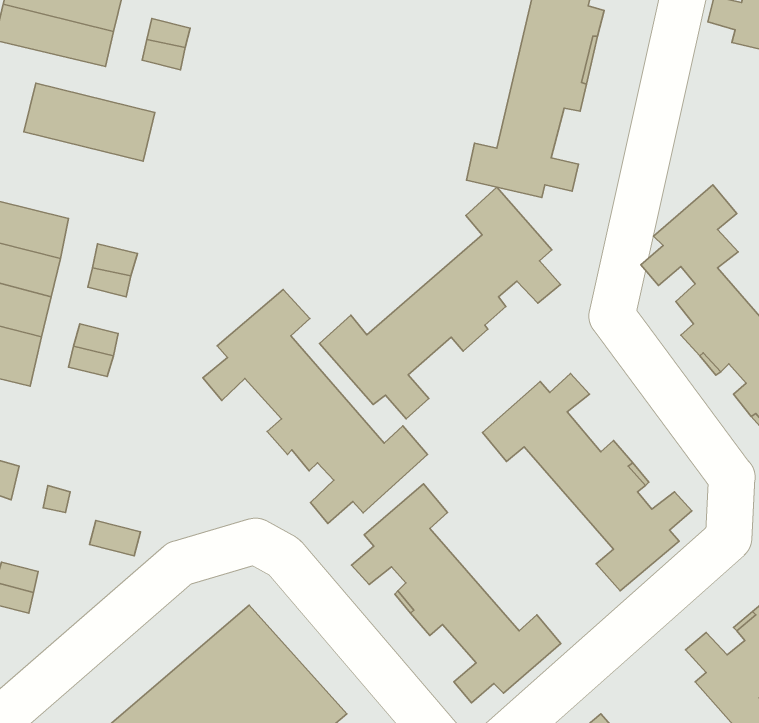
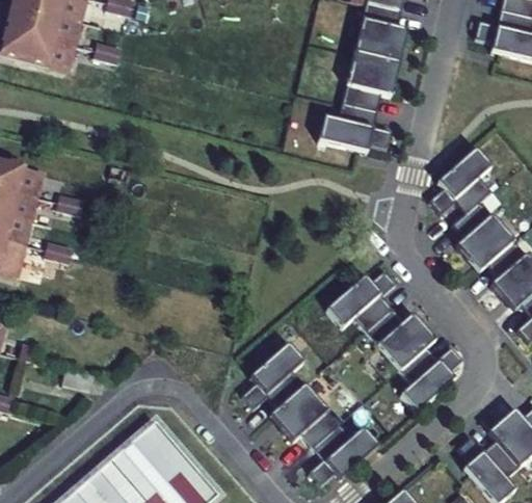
building: [24,83,155,161] -> none
building: [320,187,560,419] -> none
building: [203,289,428,523] -> none

